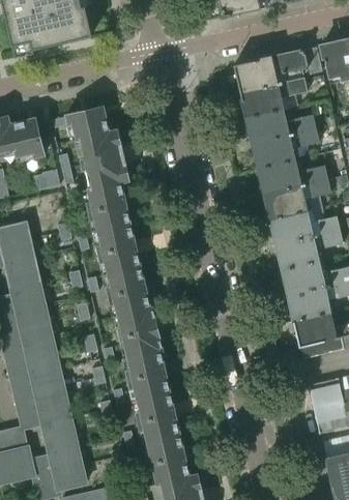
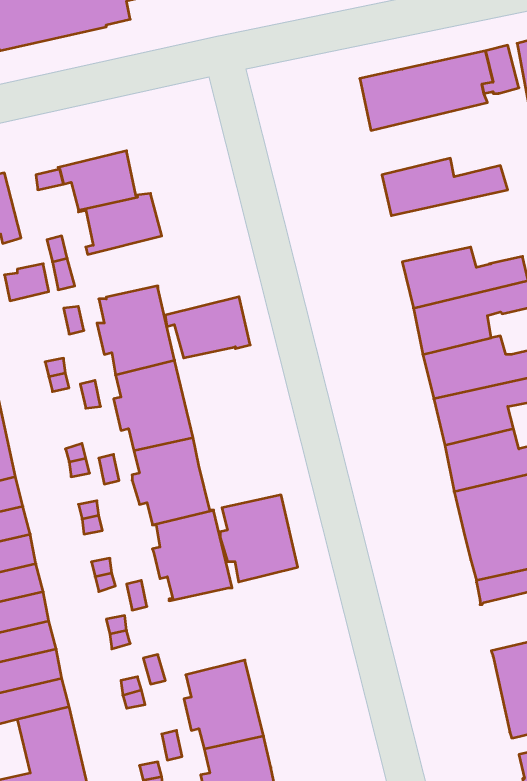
building: [239,79,307,119] -> none
building: [251,127,319,168] -> none
building: [81,153,128,187] -> [165,297,250,358]
building: [125,350,169,399] -> [220,495,298,582]

